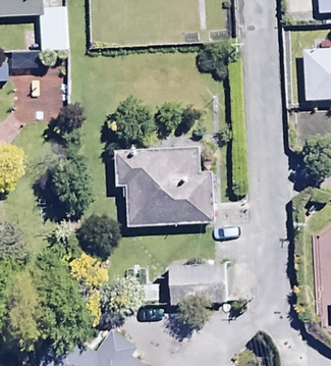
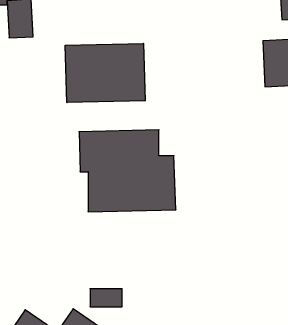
building: none -> [65,43,145,103]
building: [168,260,227,305] -> none

